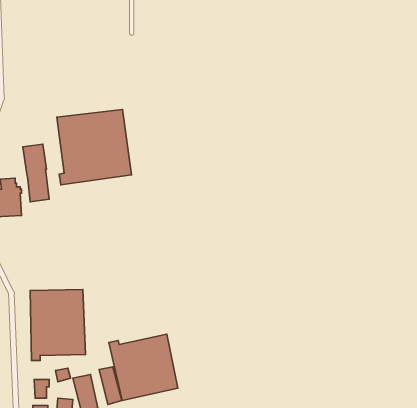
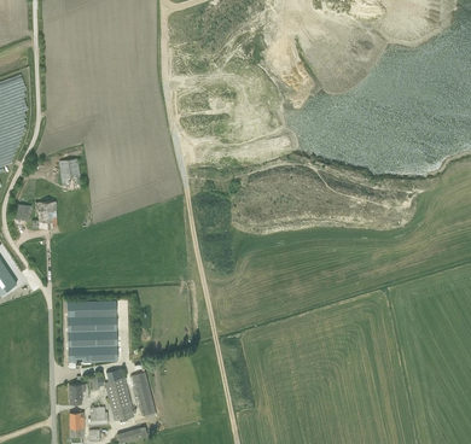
building: [57,109,132,185] -> none
building: [109,334,178,400] -> none

